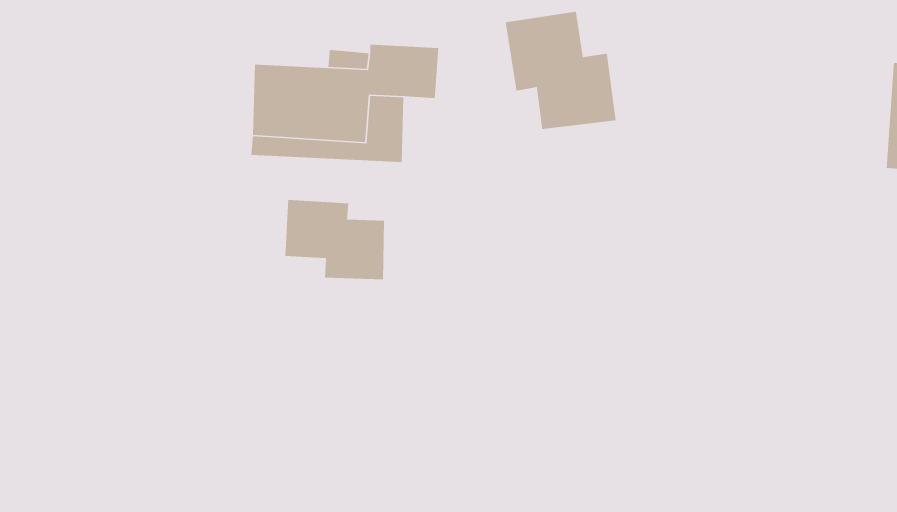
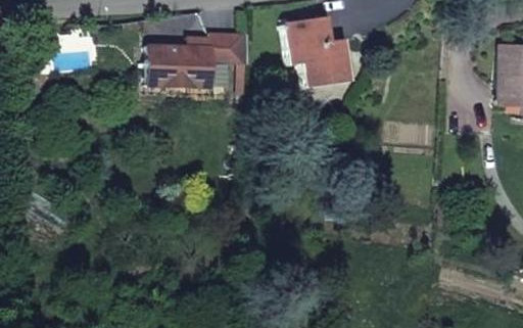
building: [285,199,385,280] -> none

